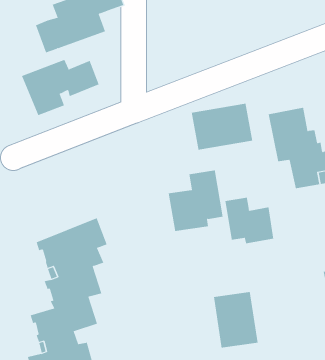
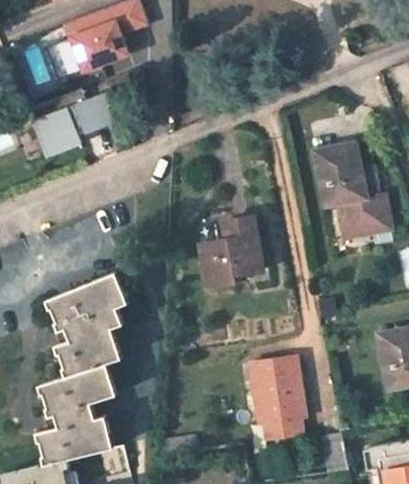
building: [191,103,253,150] -> none
building: [225,197,274,244] -> none

